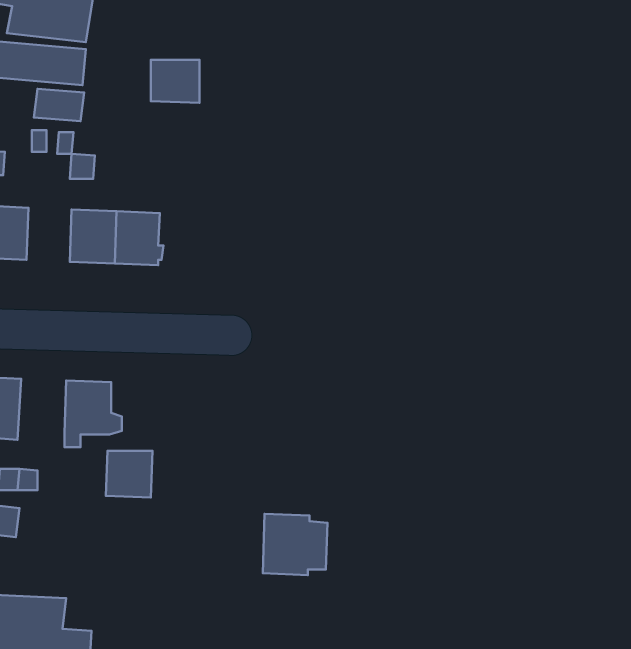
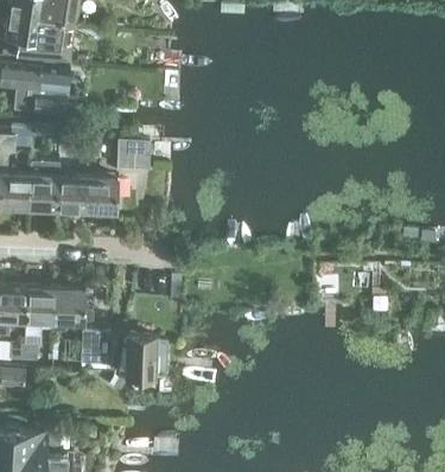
building: [151,60,199,103] -> [117,141,150,170]
building: none -> [28,164,59,209]
building: none -> [23,286,55,326]
building: [263,514,328,575] -> [125,334,167,375]

